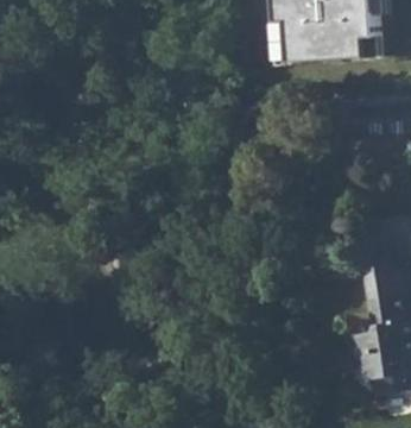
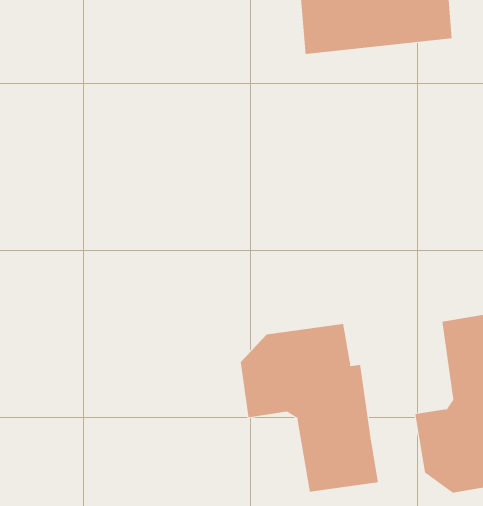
building: none -> [240,323,379,493]

